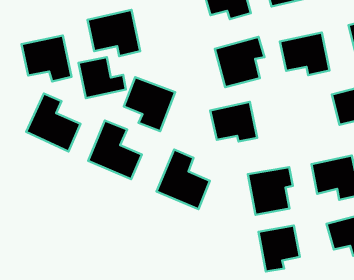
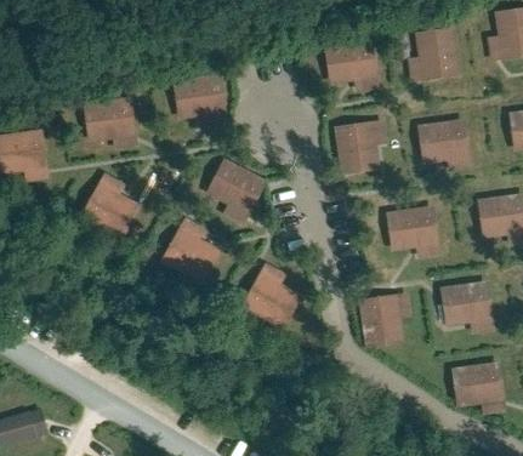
building: [79,57,126,98] -> none
building: [210,102,257,141] -> [386,207,443,257]
building: [259,226,300,272] -> none

